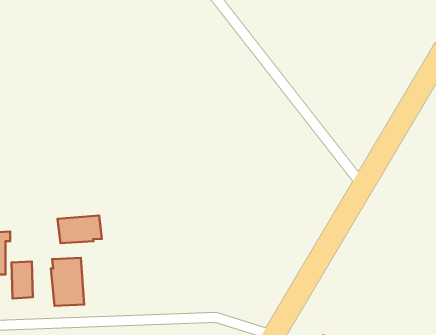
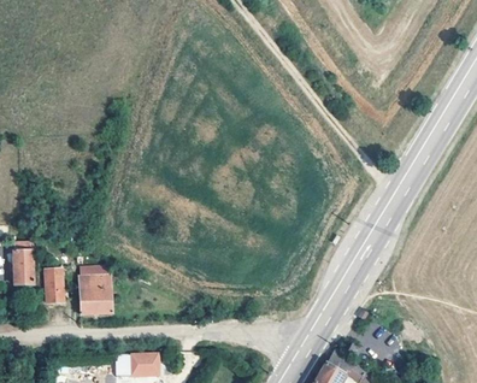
building: [58,216,102,243] -> none

